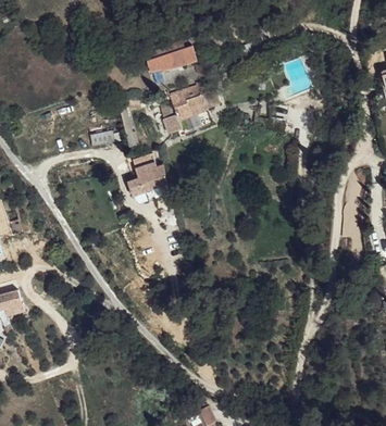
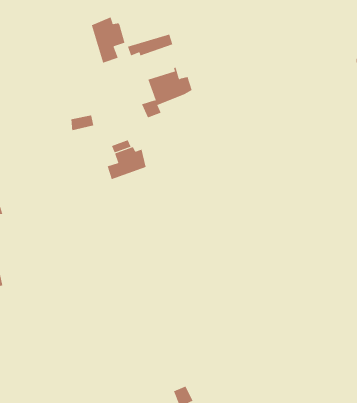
building: none -> [91,16,125,64]

